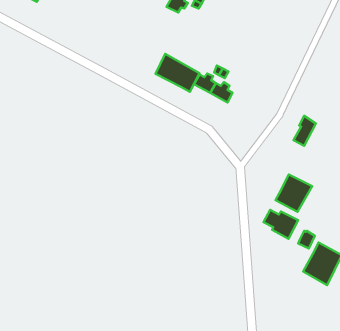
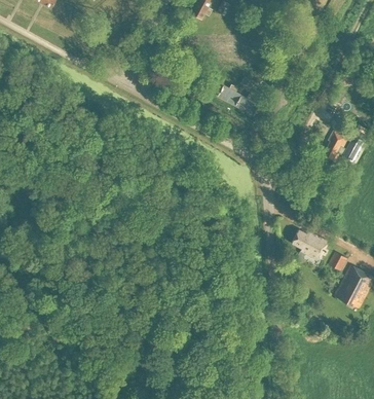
building: [155,54,199,92] -> none
building: [275,175,312,212] -> none

